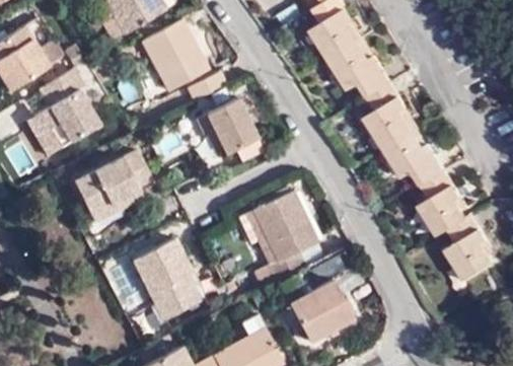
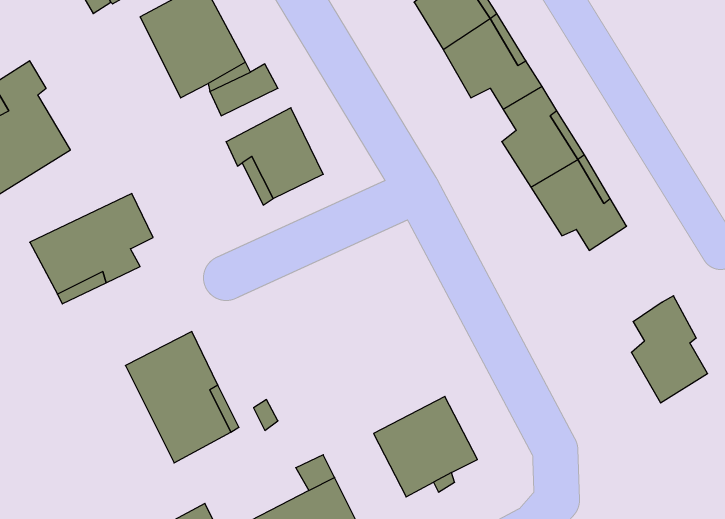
building: [421,173,467,239] -> none
building: [250,194,315,283] -> none

